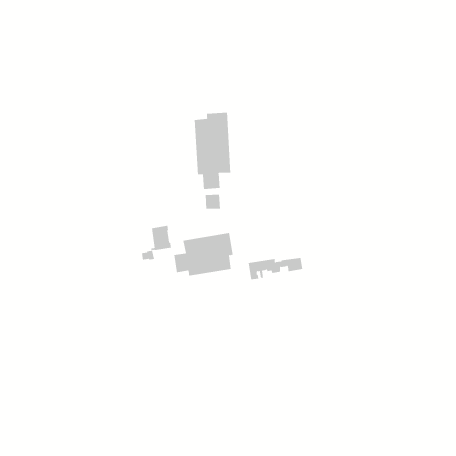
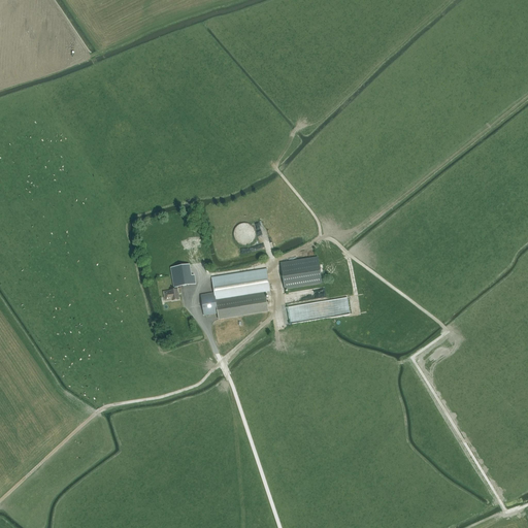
building: [194,112,231,190] -> none
building: none -> [279,257,321,289]

